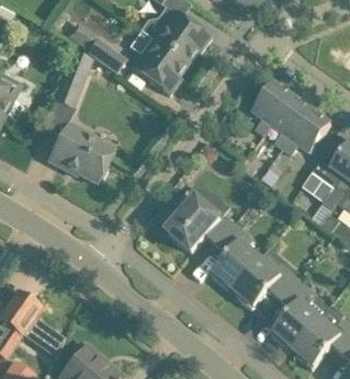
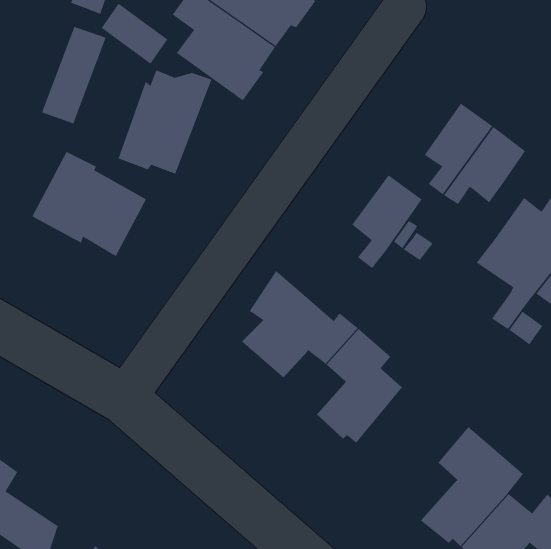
building: none -> [118,69,212,174]
building: [252,81,293,135] -> [351,175,423,269]
building: [234,252,297,309] -> none

